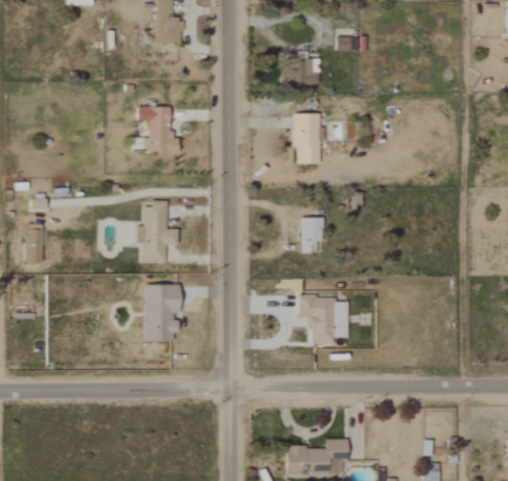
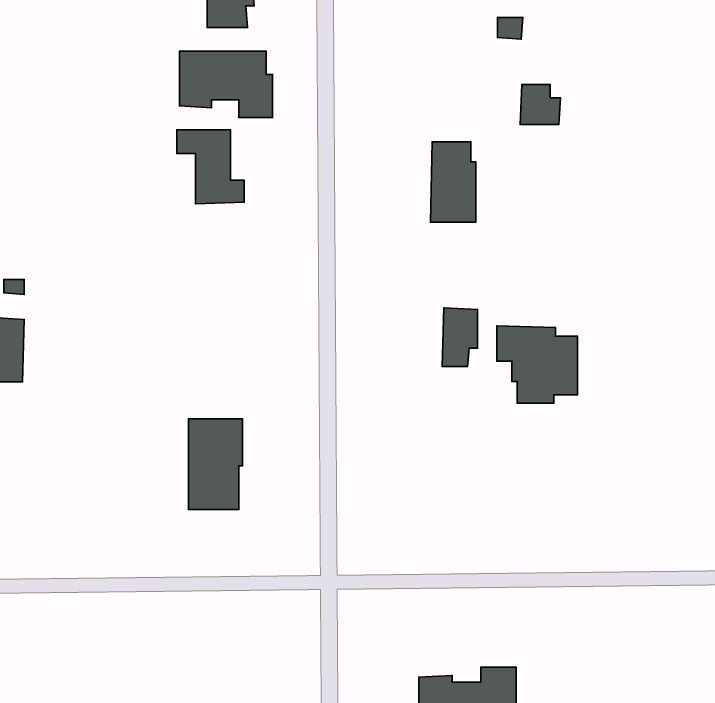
building: none -> [179,51,273,117]
building: [295,59,320,84] -> [520,84,560,125]
building: [138,200,178,261] -> none
building: [299,295,348,343] -> [497,326,577,403]

